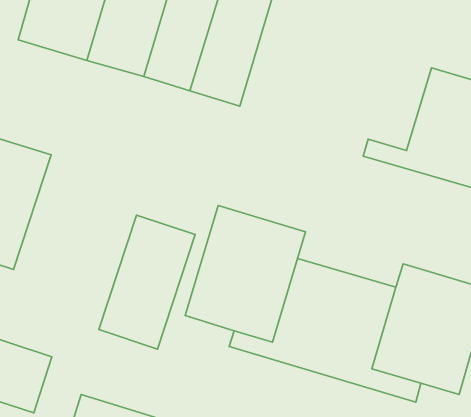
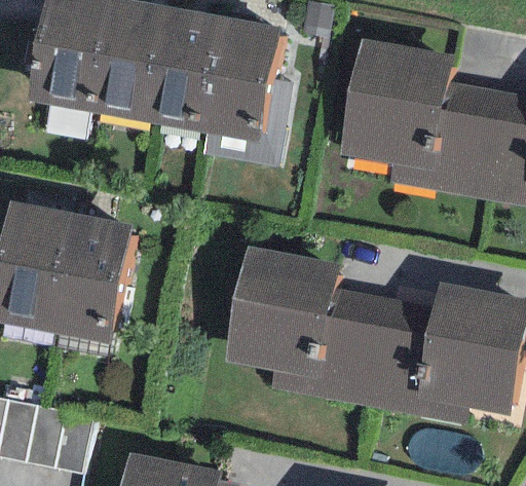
building: none -> [339,38,452,170]
building: [99,215,195,349] -> [45,213,133,346]

